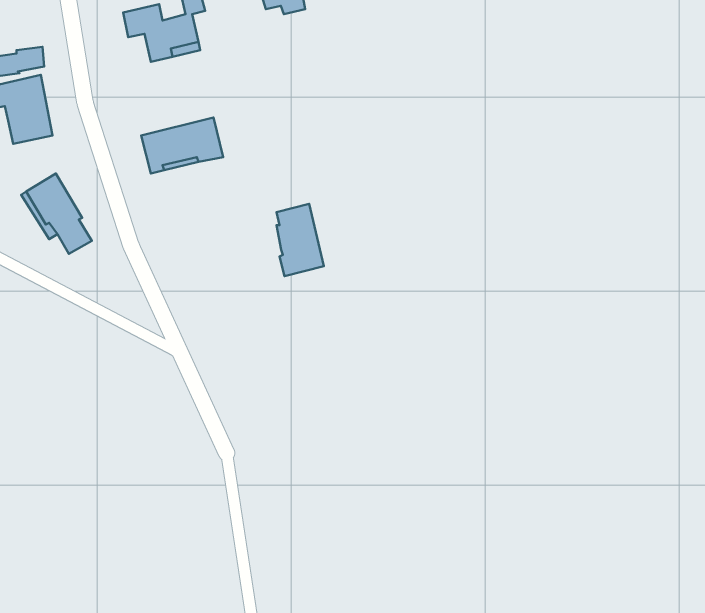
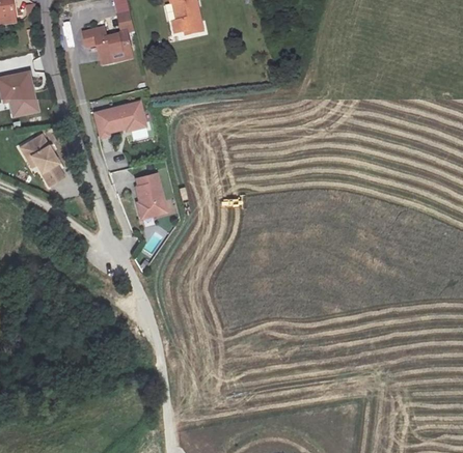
building: [276,204,324,276] -> [137,173,167,219]

